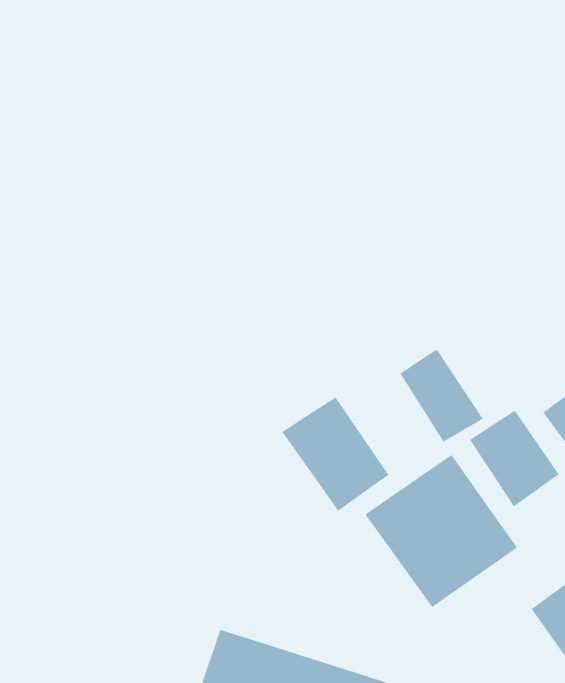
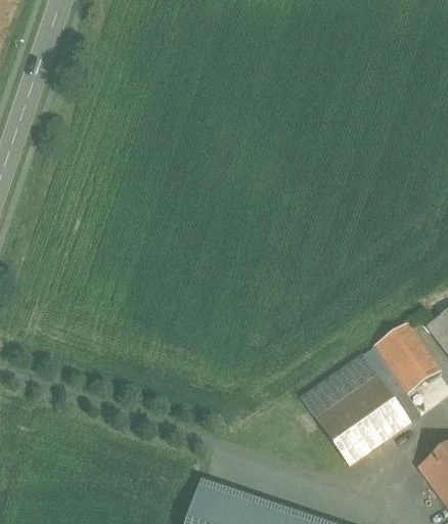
building: [399,348,483,442] -> none
building: [281,396,389,511] -> none

